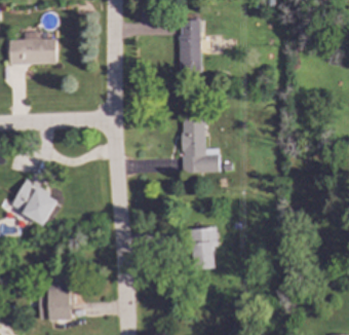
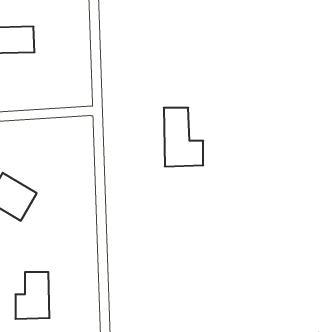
building: [179,20,201,76] -> none
building: [190,228,217,269] -> none

